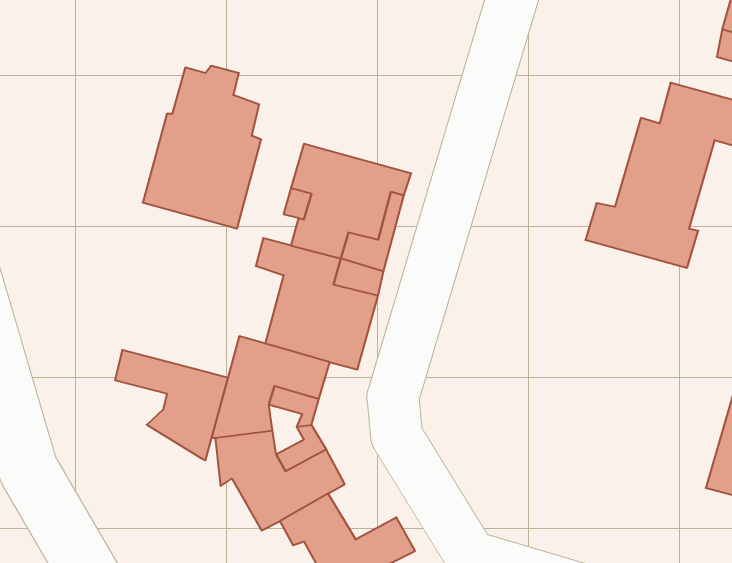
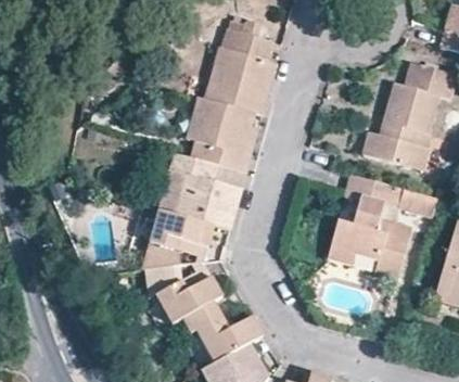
building: [143,66,261,228] -> [206,18,276,114]
building: none -> [328,173,413,281]
building: [115,350,228,460] -> none

